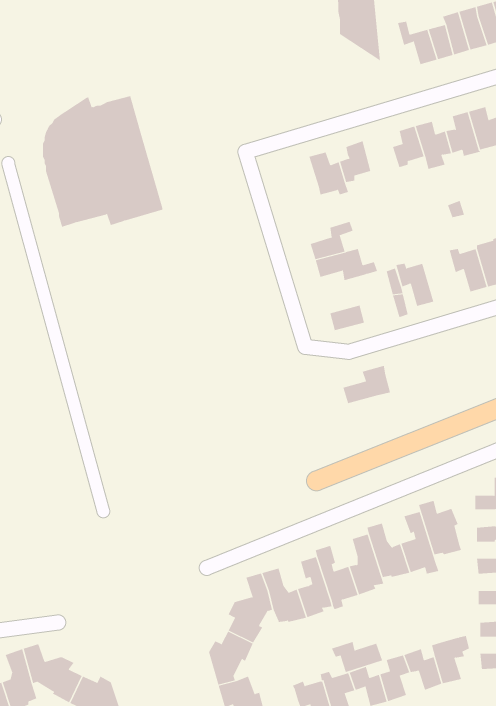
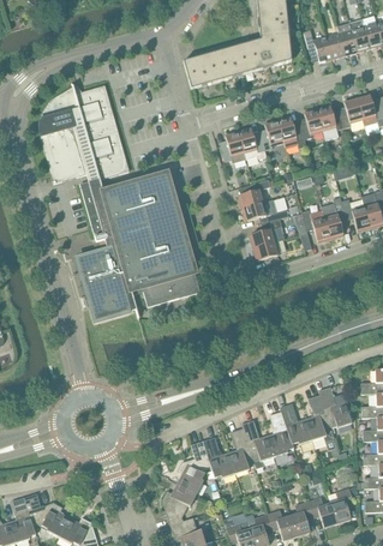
building: none -> [182,38,291,88]
building: none -> [277,114,306,148]
building: none -> [220,130,245,162]
building: none -> [77,173,199,320]
building: none -> [322,197,346,238]
building: [343,365,391,404] -> [249,217,285,246]
building: [331,641,383,673] -> none

